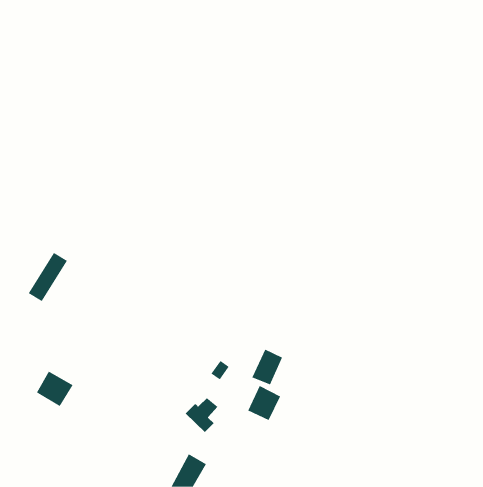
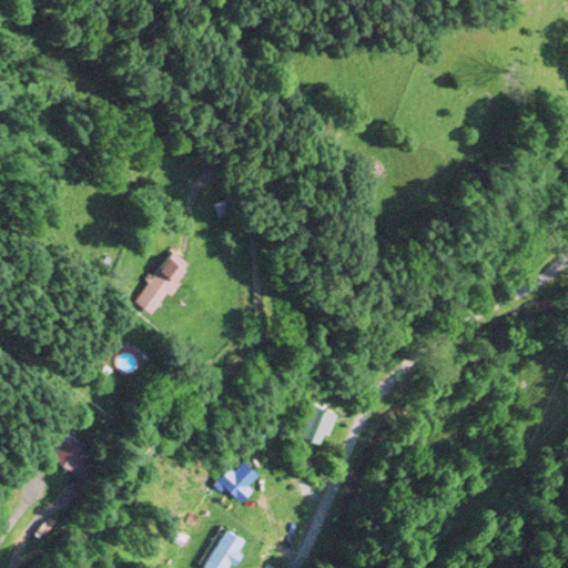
building: [28,252,68,302] -> [139,256,185,314]
building: [248,385,281,421] -> none

